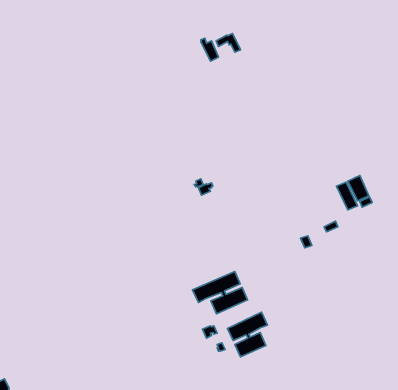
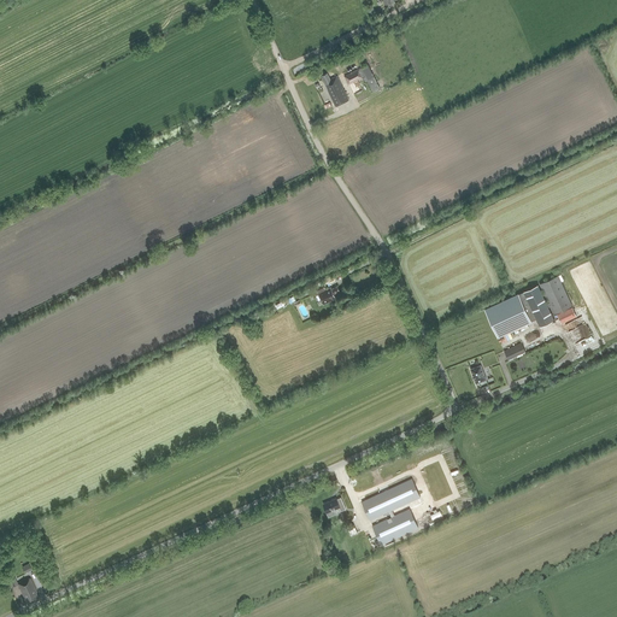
building: none -> [484,293,531,337]
building: [192,271,247,314] -> none

